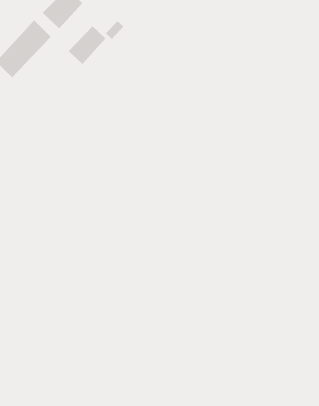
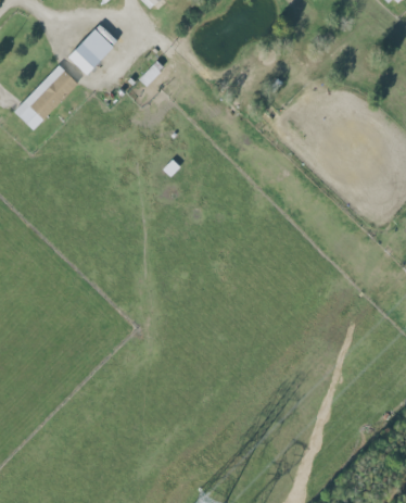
building: [68,26,106,65] -> none

